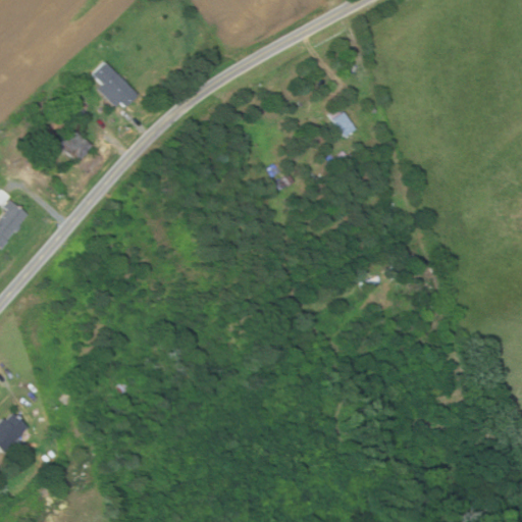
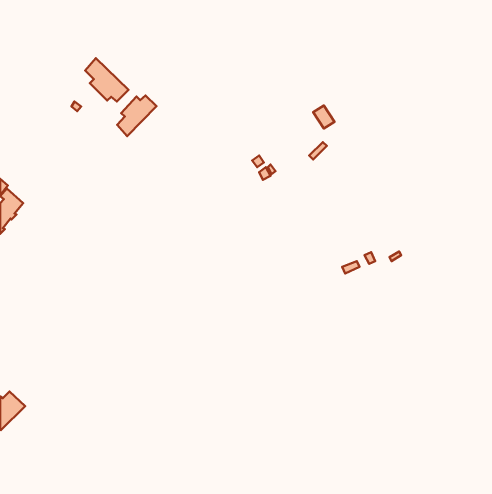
building: none -> [117,96,157,136]
building: [54,127,92,162] -> none

